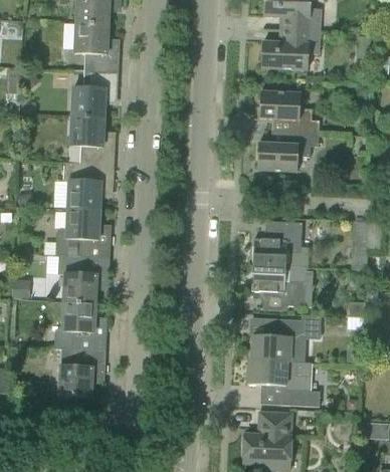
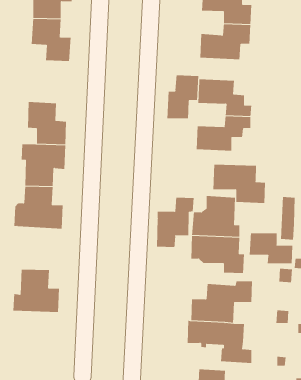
building: [70,70,117,117] -> none
building: none -> [167,74,199,119]
building: none -> [213,164,266,204]
building: none -> [156,197,194,248]
building: [58,254,109,302] -> none
building: none -> [249,233,293,264]
building: [53,347,105,396] -> none

